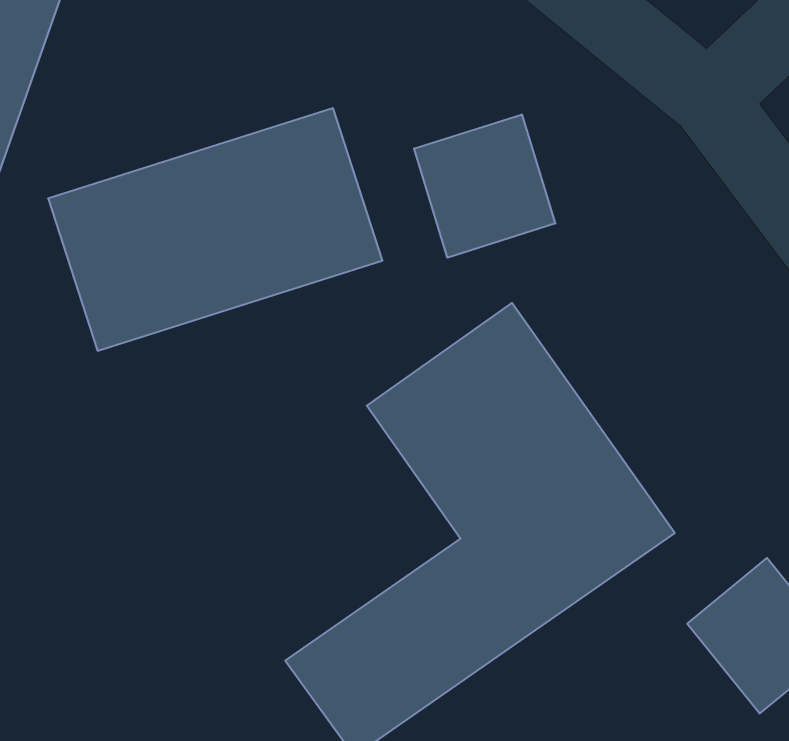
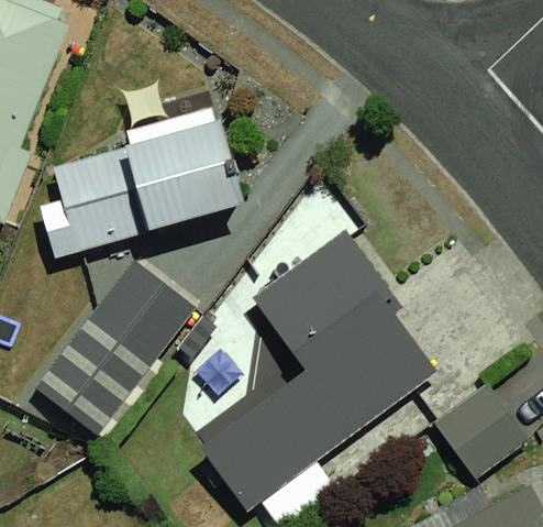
building: [414,114,555,258] -> none
building: none -> [25,261,189,437]

